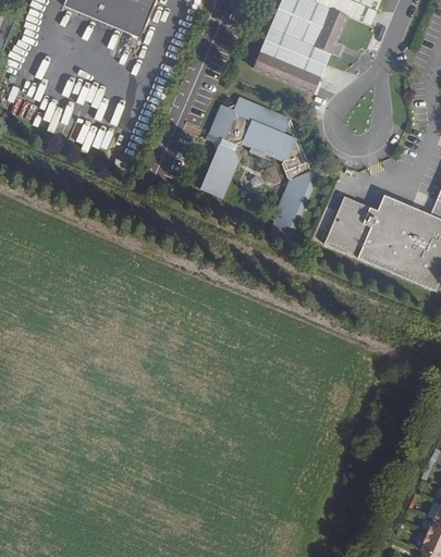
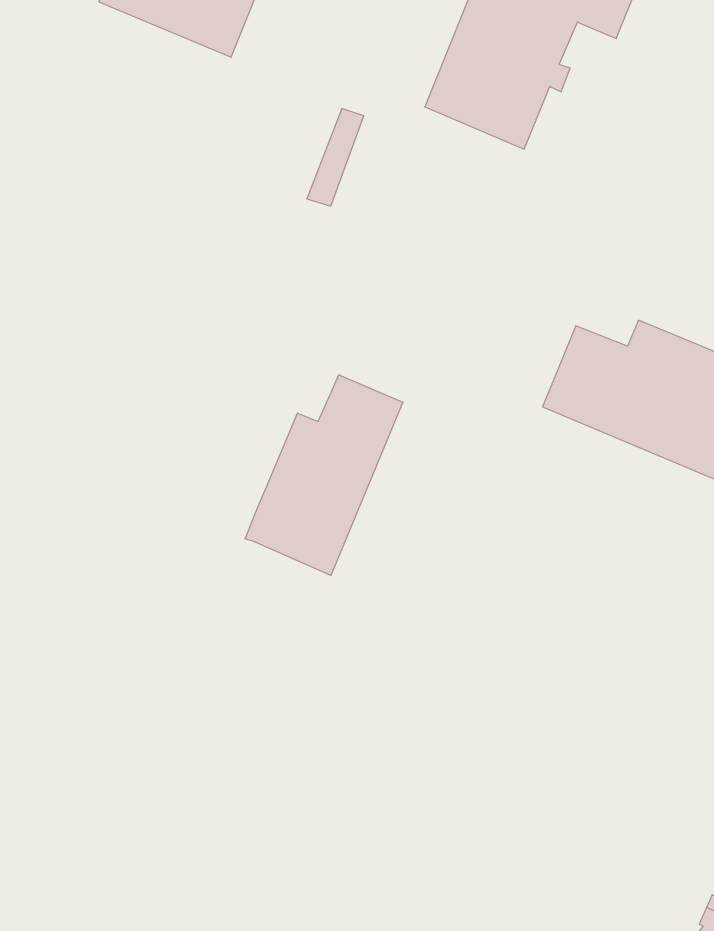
building: [199,98,317,230] -> none
building: none -> [245,375,403,576]

